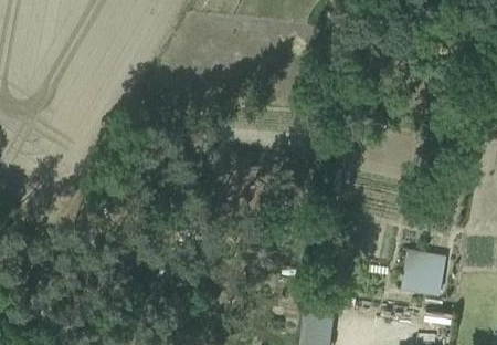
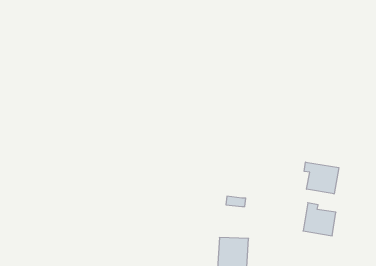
building: none -> [304,162,339,194]

